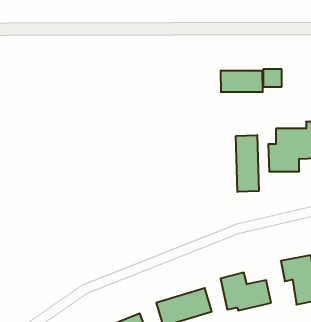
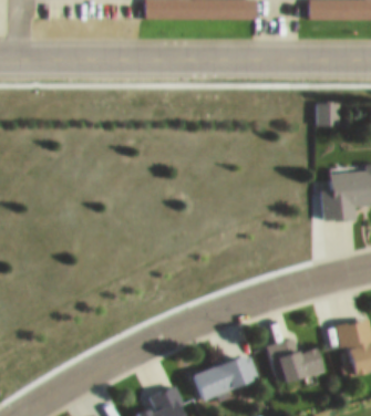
building: [221,70,262,92] -> none
building: [236,135,259,192] -> none

